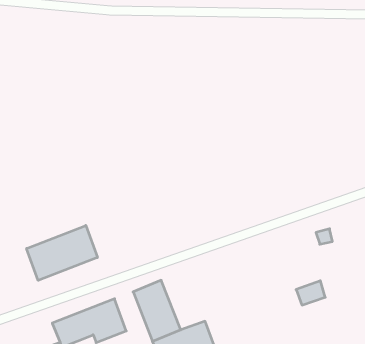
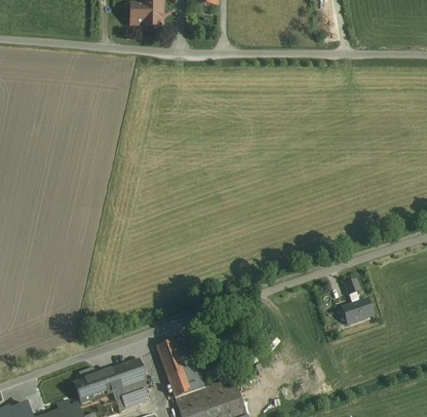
building: [27,225,97,280] -> none
building: [296,281,325,305] -> [344,301,375,327]

